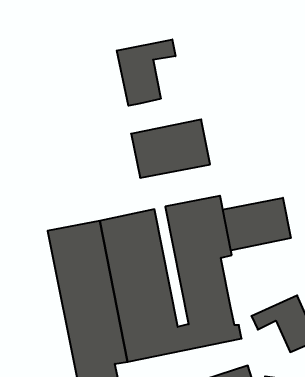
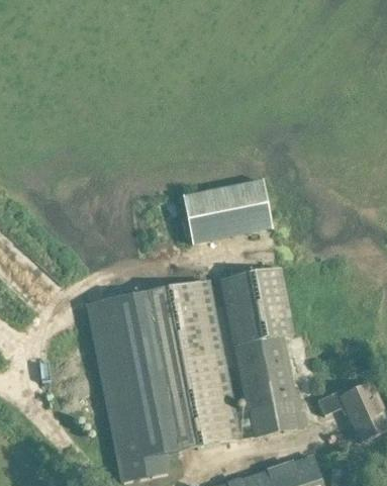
building: [117,39,175,106] -> none
building: [223,198,291,250] -> none

